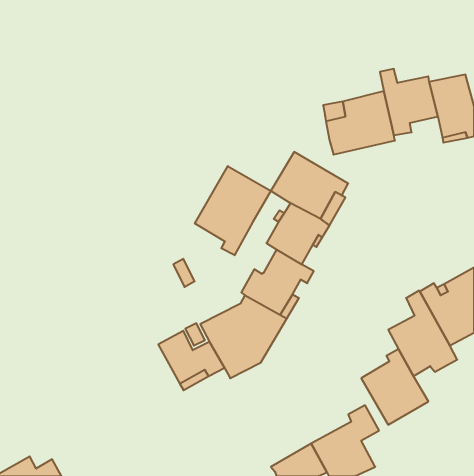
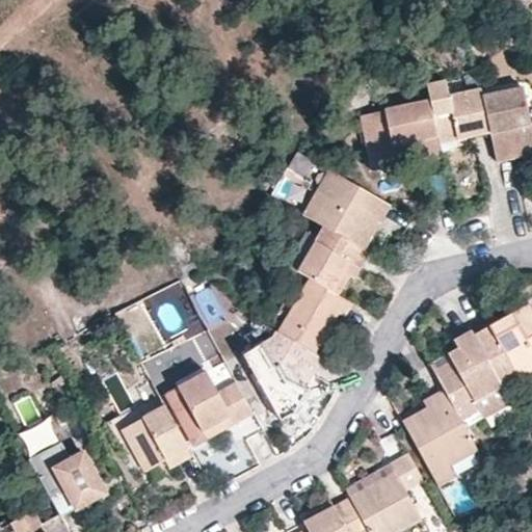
building: [195,166,271,255] -> none
building: none -> [123,403,191,469]
building: none -> [56,455,105,509]

